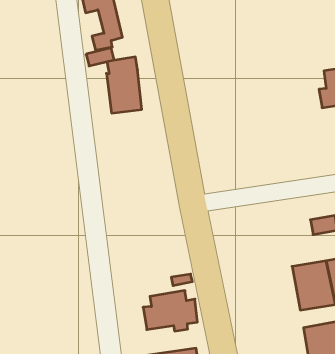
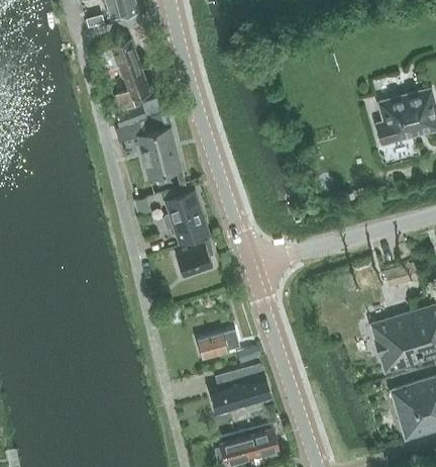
building: none -> [148,175,210,247]
building: none -> [178,241,213,274]
building: none -> [197,331,239,358]

